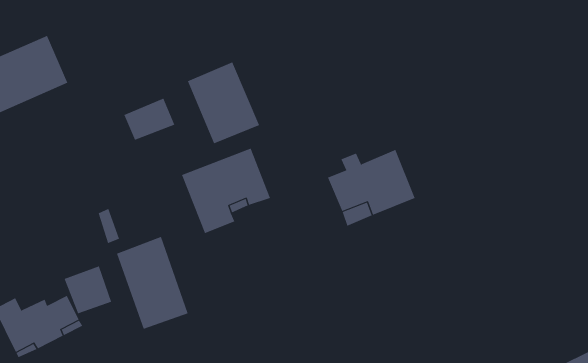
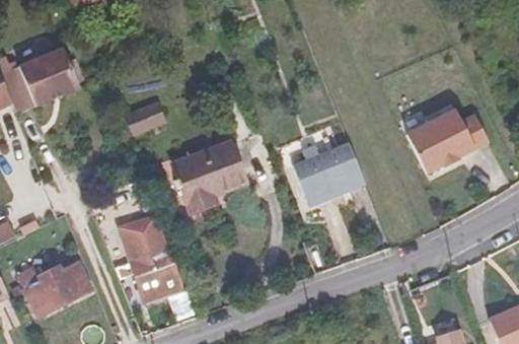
building: [187,62,260,144] -> none
building: none -> [407,112,490,175]
building: [64,266,112,314] -> none

